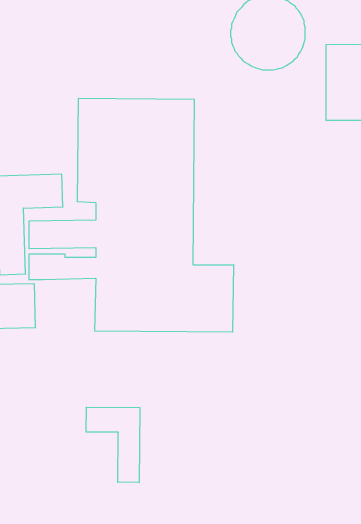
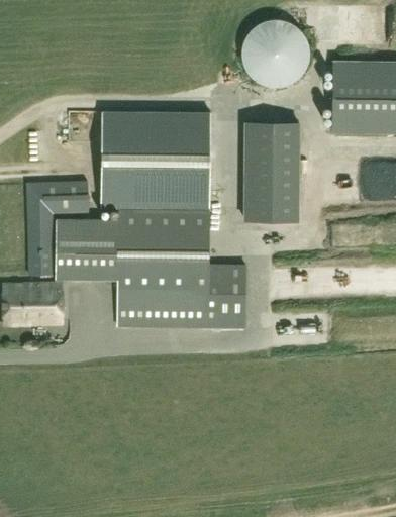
building: none -> [244,122,298,221]
building: [86,407,140,483] -> none

